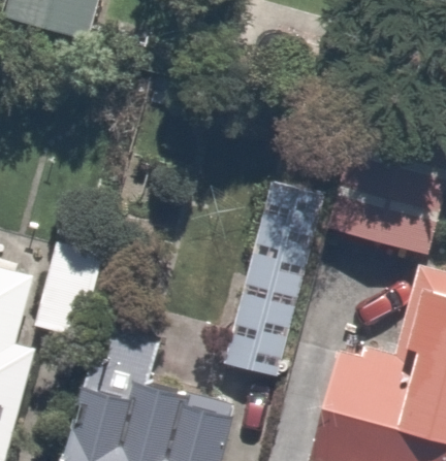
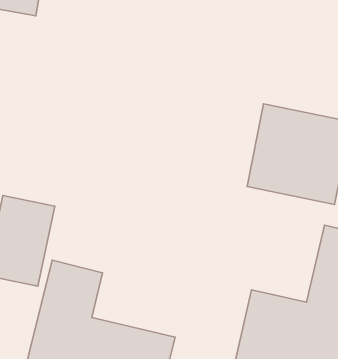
building: [217,205,316,381] -> none

